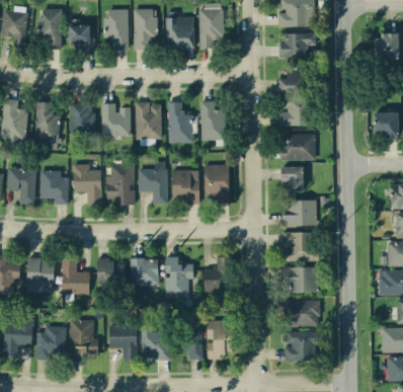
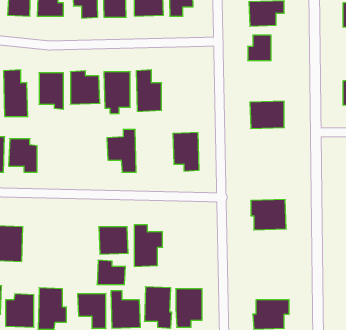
building: [279,96,307,126] -> none
building: [200,101,225,140] -> none
building: [73,164,101,205] -> none
building: [106,164,135,205] -> none
building: [280,166,303,190] -> none
building: [171,169,199,204] -> none
building: [281,200,316,225] -> none
building: [204,256,231,291] -> none
building: [96,257,125,282] -> [97,260,125,285]
building: [62,258,89,294] -> none
building: [283,266,318,293] -> none
building: [286,300,320,326] -> none

